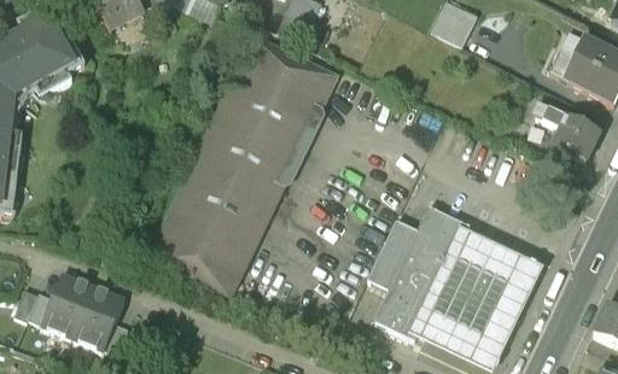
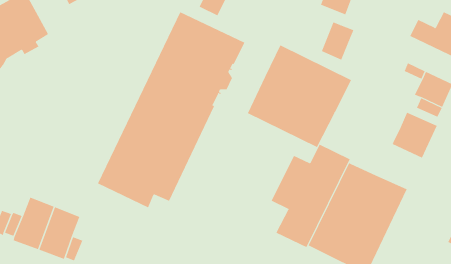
building: none -> [321,21,354,61]
building: none -> [247,45,352,148]
building: none -> [392,112,438,158]

